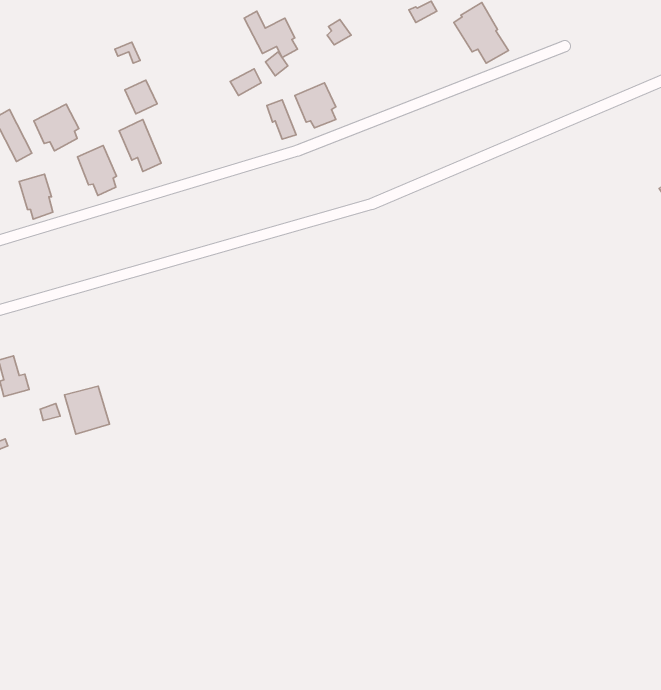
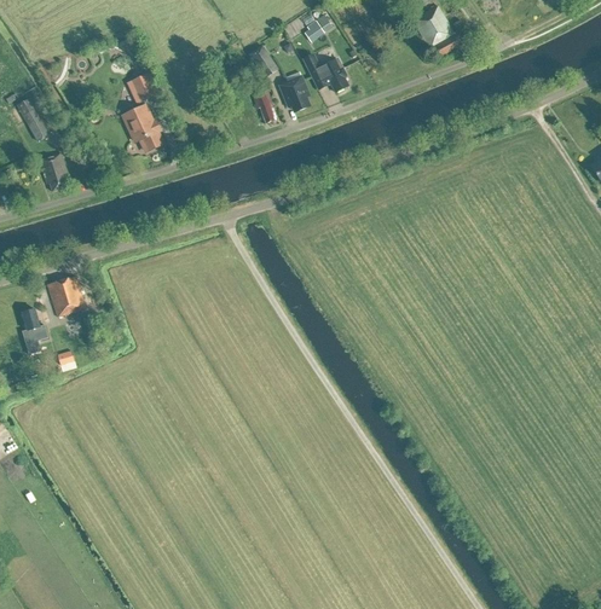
building: [244,11,298,58] -> [301,52,347,92]
building: [34,104,79,151] -> none
building: [77,146,117,195] -> none
building: [64,386,109,434] -> [46,275,85,317]

